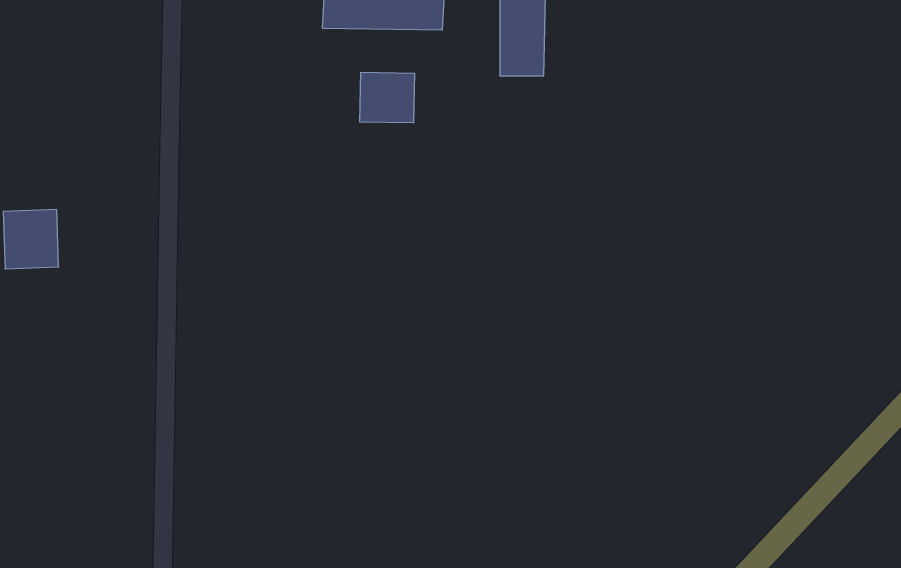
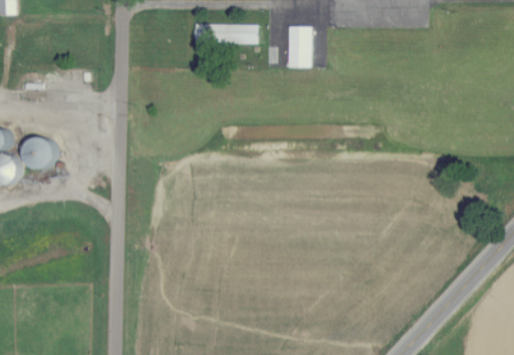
building: [360,72,414,123] -> none

